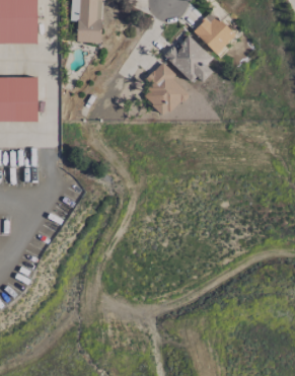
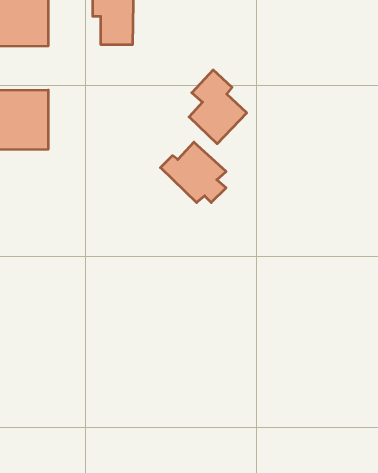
building: [193,13,236,54] -> none
building: [163,35,213,81] -> [160,142,226,203]

